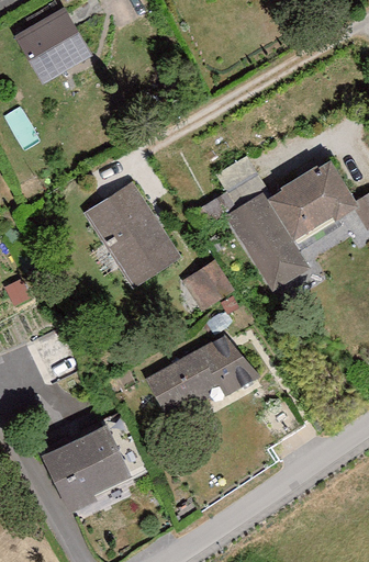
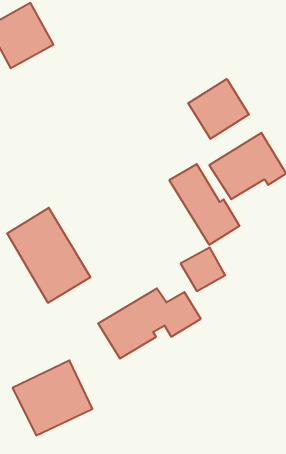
building: none -> [188,79,249,139]
building: [81,182,178,292] -> [7,208,91,303]
building: [175,257,226,307] -> [181,248,225,291]

